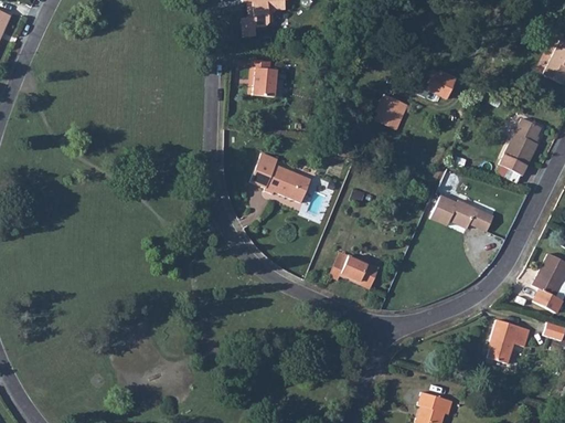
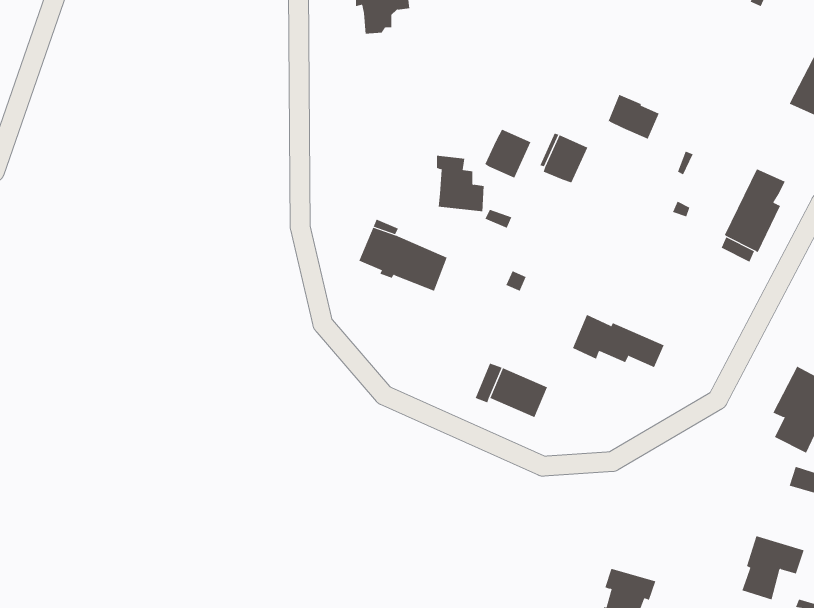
building: [250,59,284,97] -> [436,155,485,212]
building: none -> [484,129,531,179]
building: [430,194,493,231] -> [572,314,664,368]
building: [487,319,530,363] -> [741,535,805,600]

